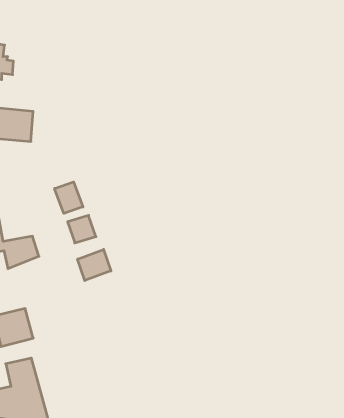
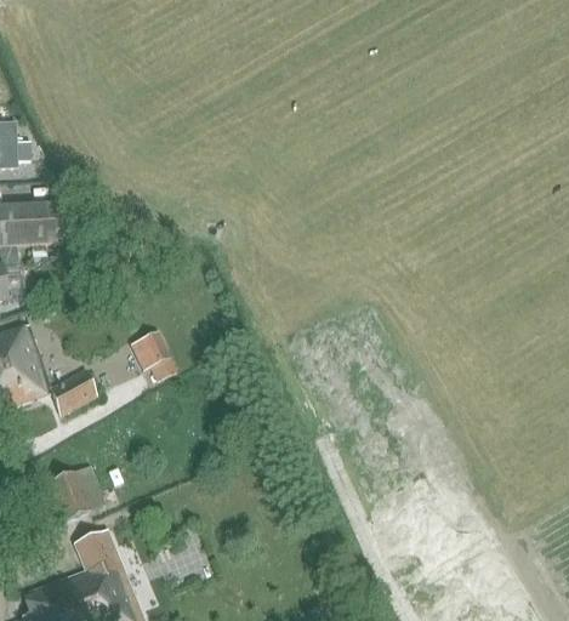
building: [55,182,83,213] -> none
building: [78,249,111,281] -> none

